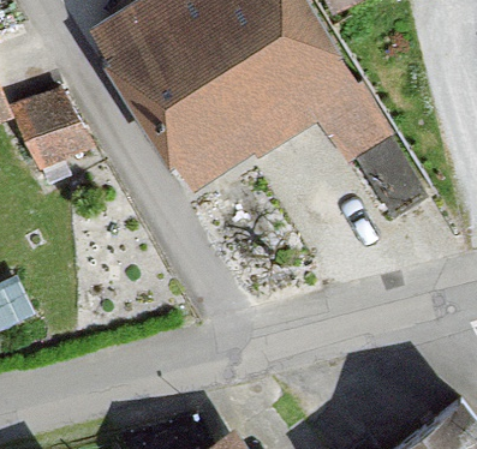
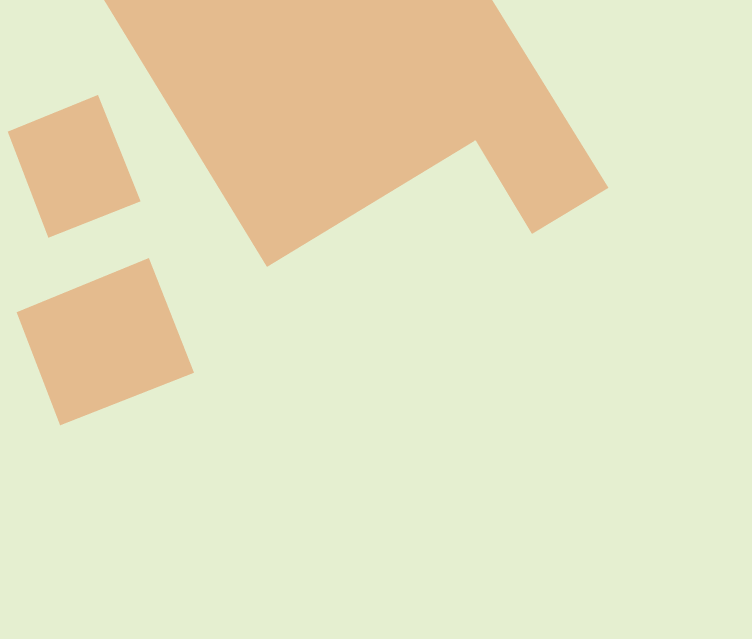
building: none -> [16,257,195,426]

